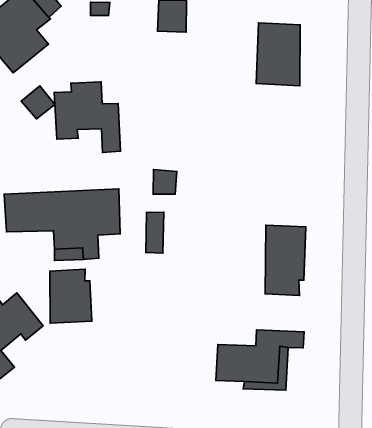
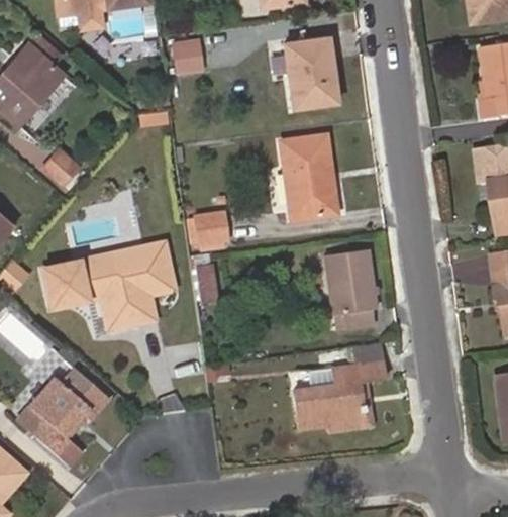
building: [54,82,120,153] -> none
building: none -> [279,133,335,219]
building: [50,269,92,323] -> none

